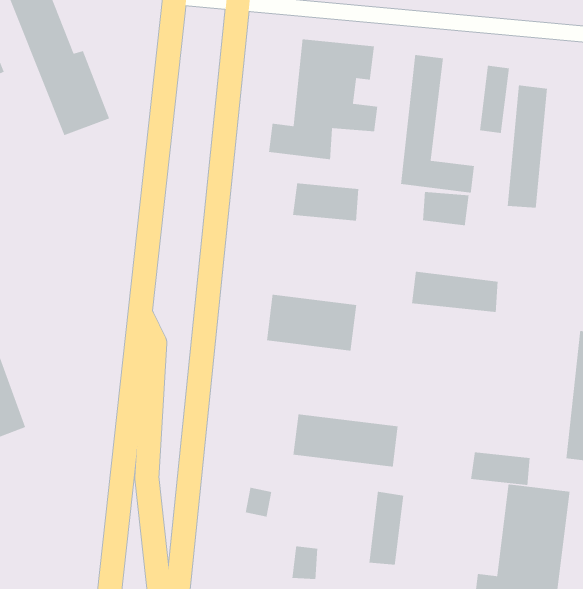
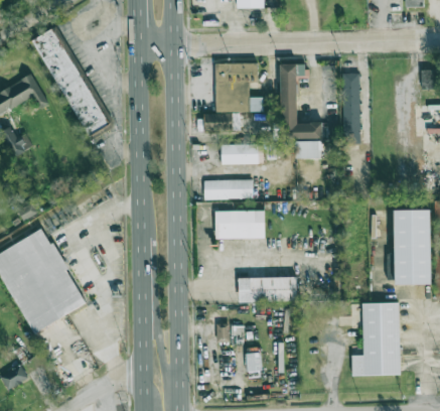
building: [411,271,499,313] -> [203,179,253,198]
building: [470,451,530,486] -> none
building: [368,491,404,565] -> none

